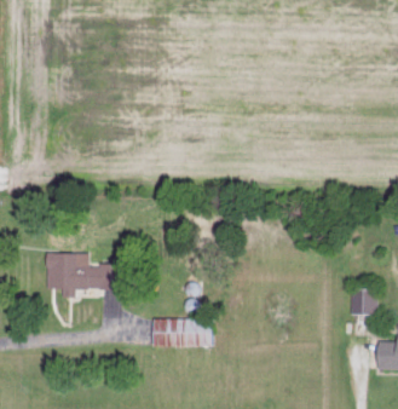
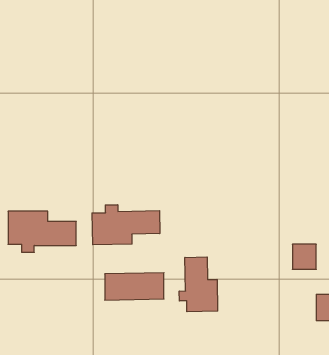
building: none -> [92,205,160,245]
building: none -> [179,257,218,312]

